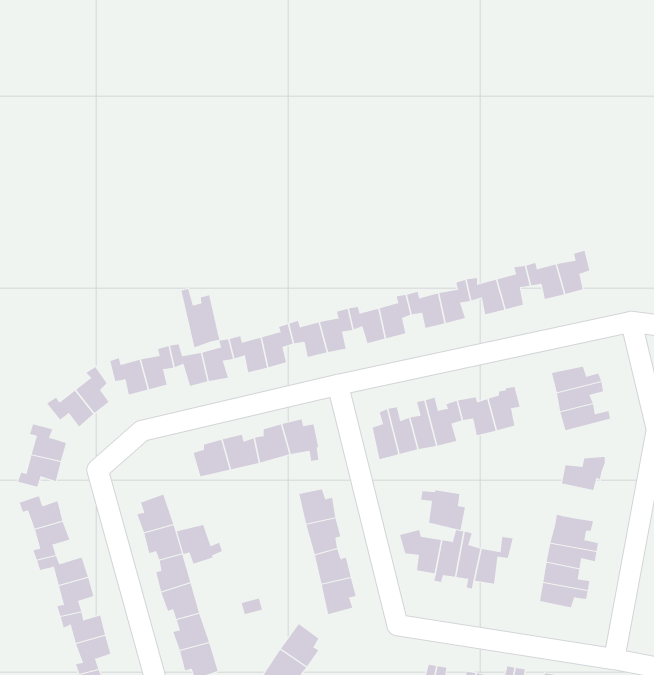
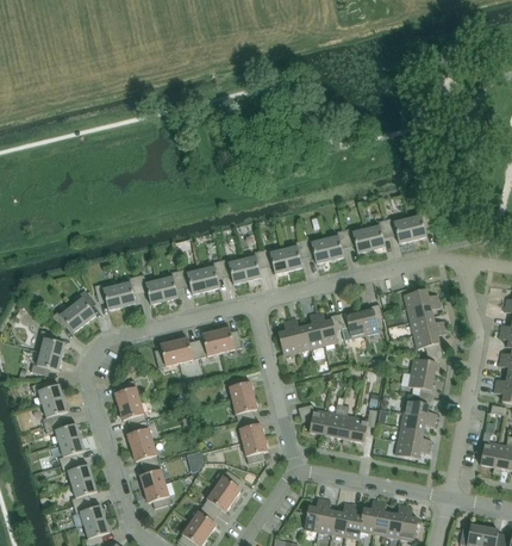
building: [181,288,220,348] -> none
building: none -> [413,327,448,354]
building: none -> [408,372,436,398]
building: [421,490,466,531] -> none
building: [176,524,223,565] -> none

